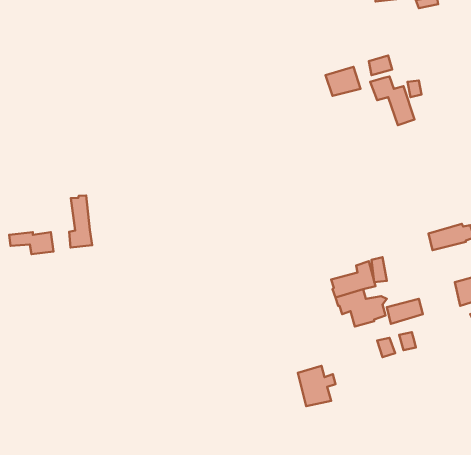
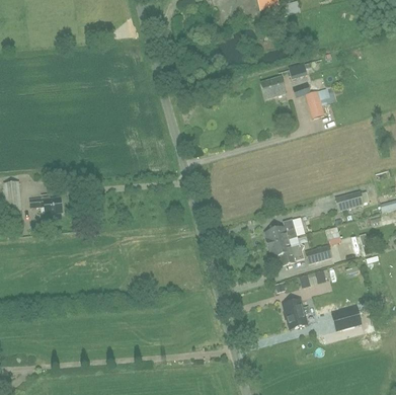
building: [69,196,92,248] -> none
building: [298,366,335,406] -> [283,299,310,328]
building: none -> [331,307,361,329]

